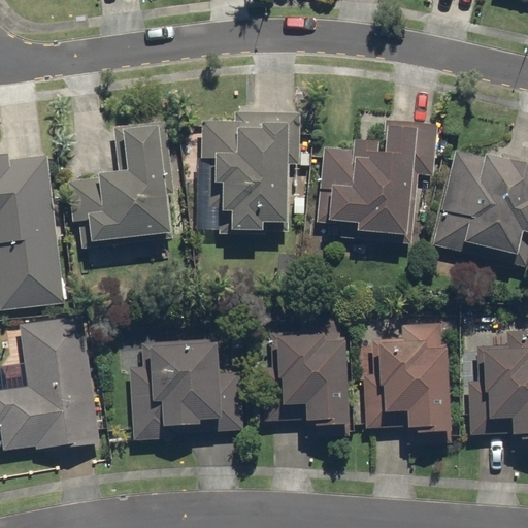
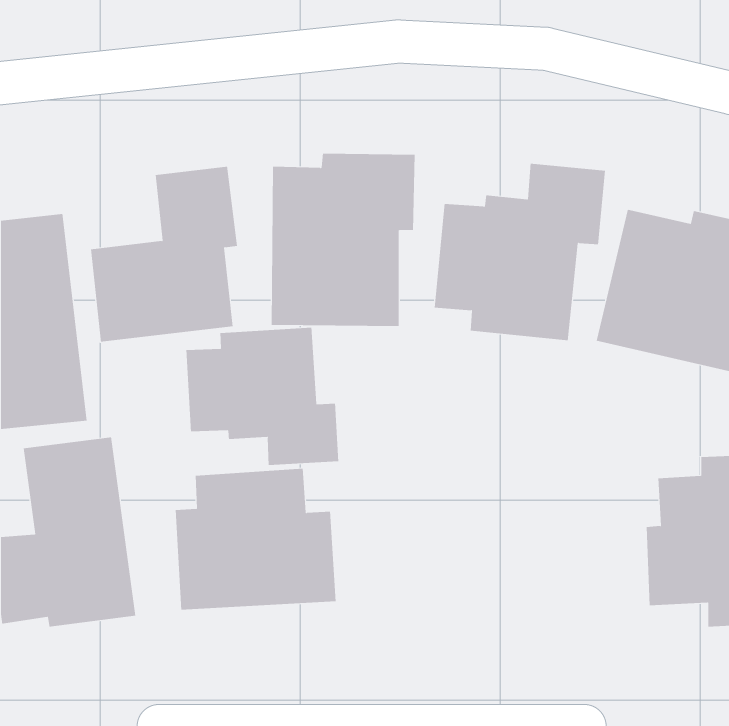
building: none -> [186,327,339,466]
building: [262,305,349,437] -> none
building: [363,321,453,444] -> none

